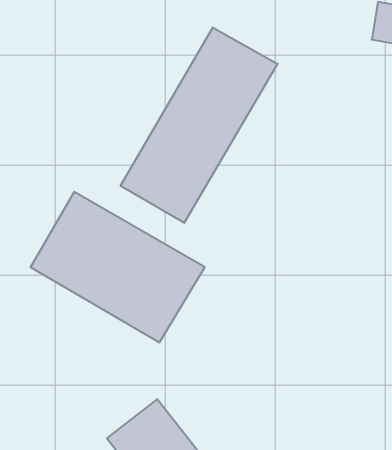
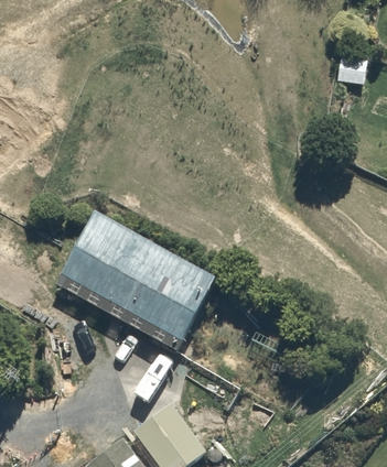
building: [121,27,278,223] -> none

